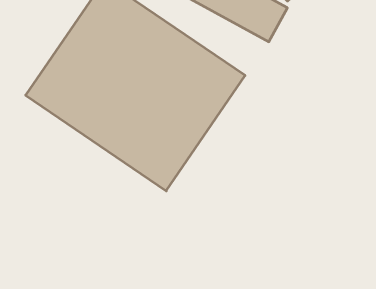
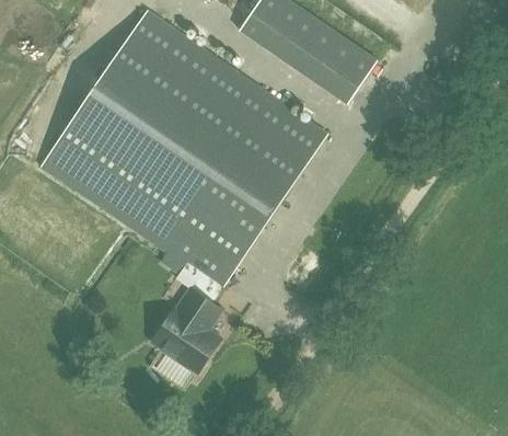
building: none -> [151,290,219,374]

